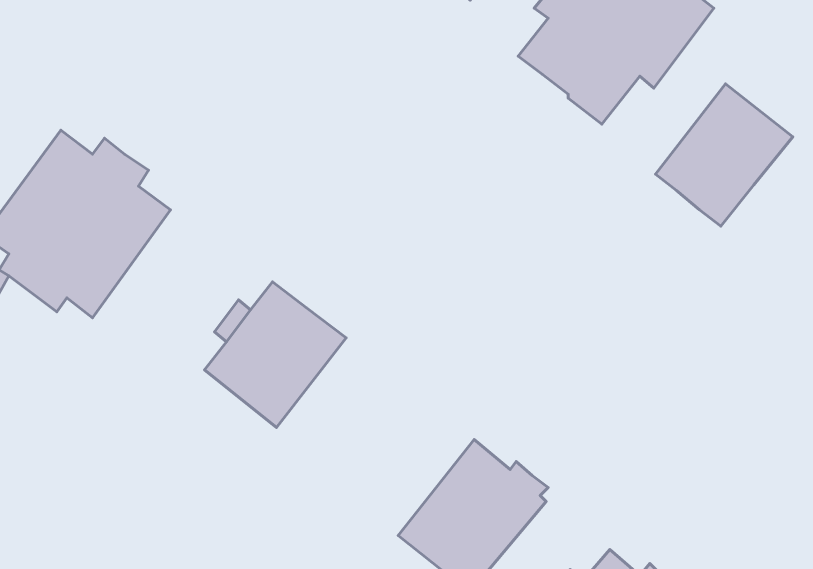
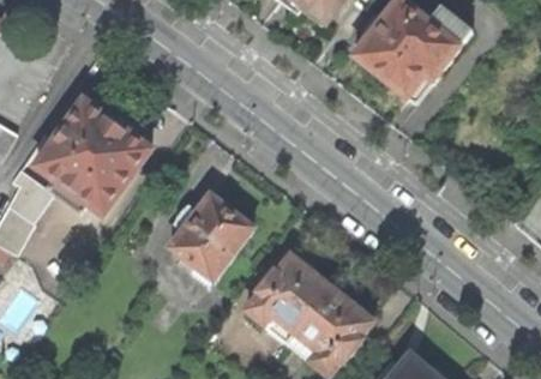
building: [655,84,793,226] -> none
building: none -> [245,252,330,343]

